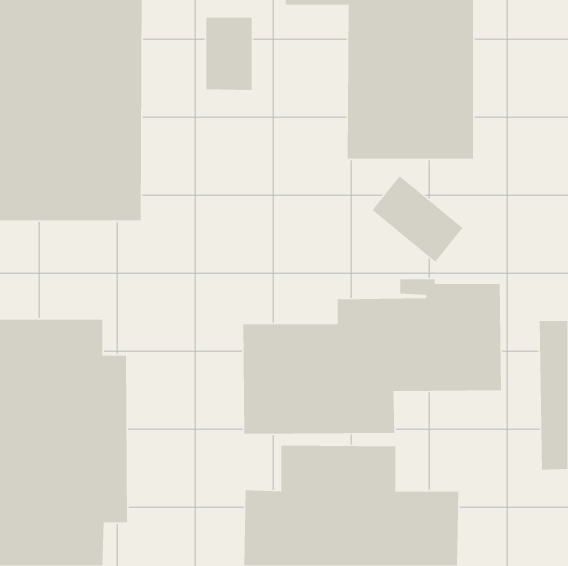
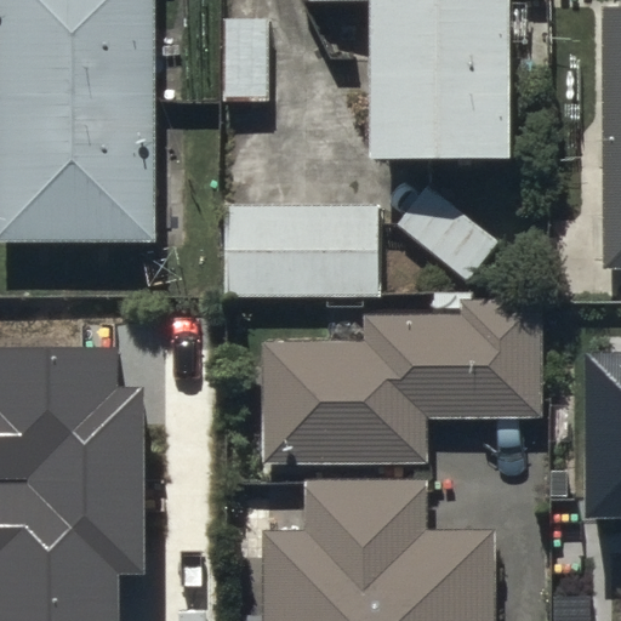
building: none -> [228,213,377,294]

